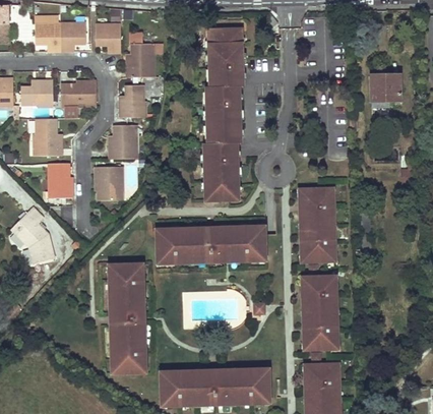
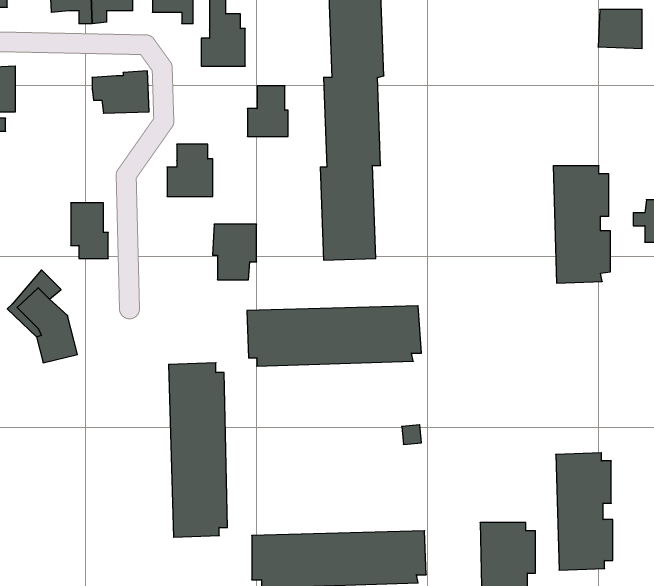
building: [371,76,398,101] -> [598,9,642,49]
building: [20,80,54,107] -> none
building: [122,85,147,117] -> [247,86,288,136]
building: [35,119,63,156] -> none
building: [94,166,121,200] -> [213,224,257,280]
building: [299,186,334,259] -> [553,166,610,283]
building: [301,274,336,347] -> [556,453,613,570]

